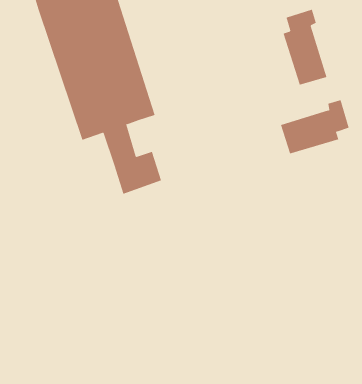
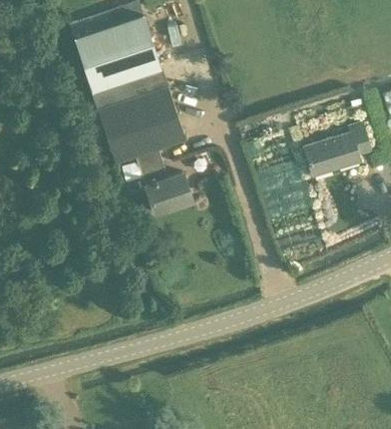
building: [283,9,327,86] -> none

